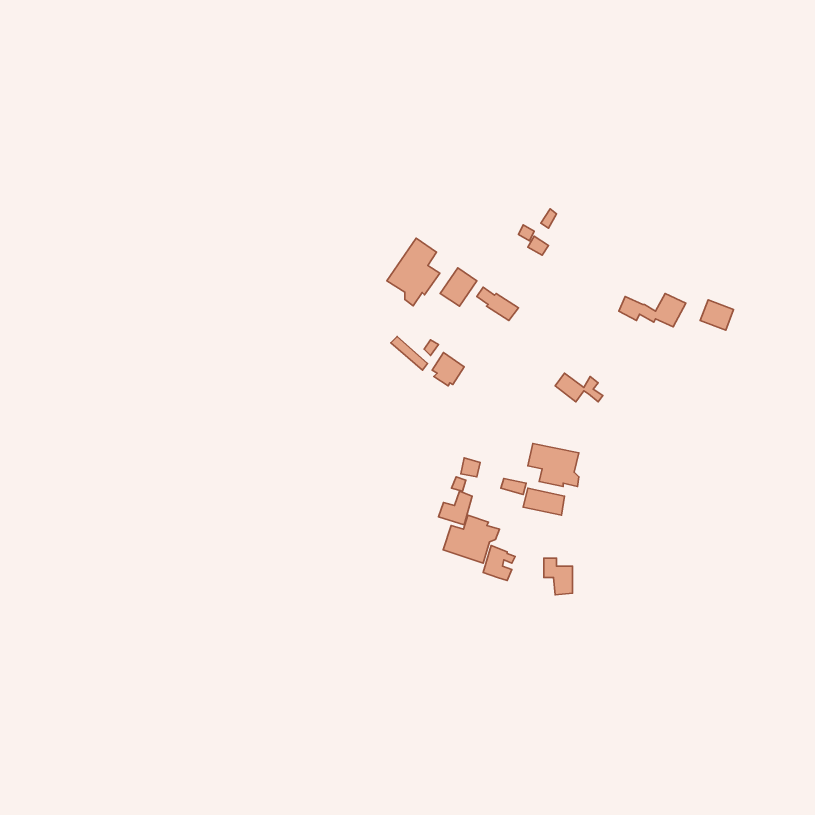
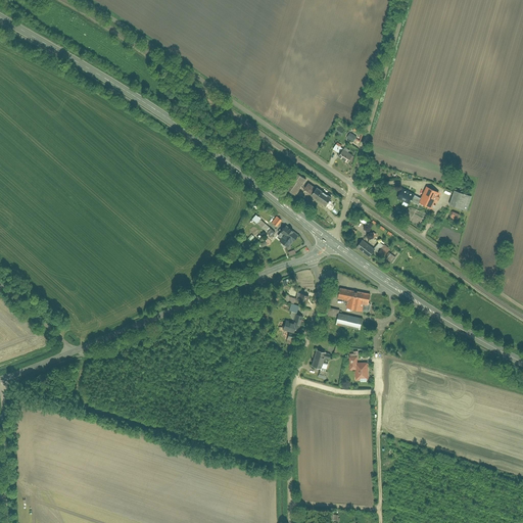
building: [387,238,440,306] -> none
building: [443,515,499,563] -> none

